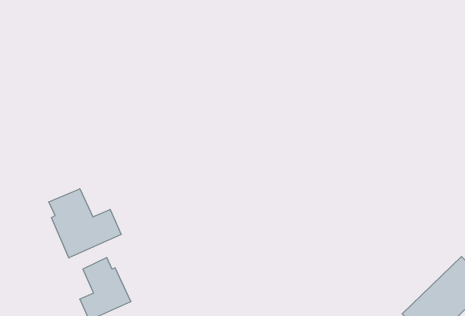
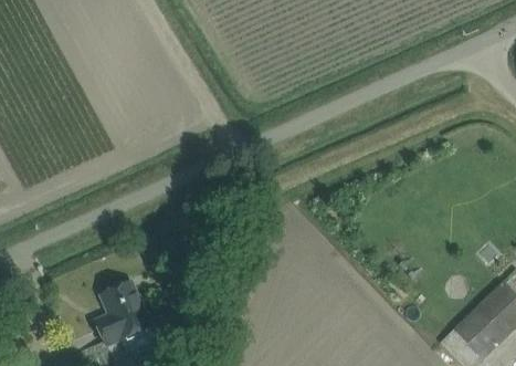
building: [49,189,121,258] -> none

